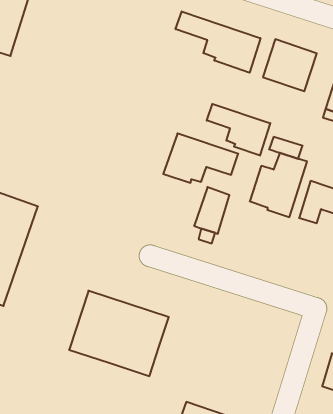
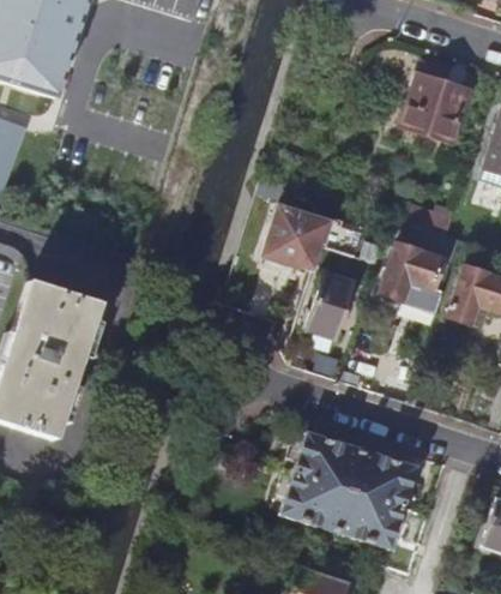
building: [176,11,260,73] -> none
building: [207,104,270,156] -> none
building: [69,291,169,376] -> [279,432,415,548]

